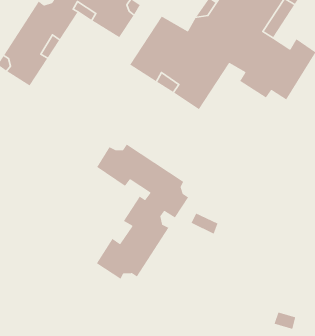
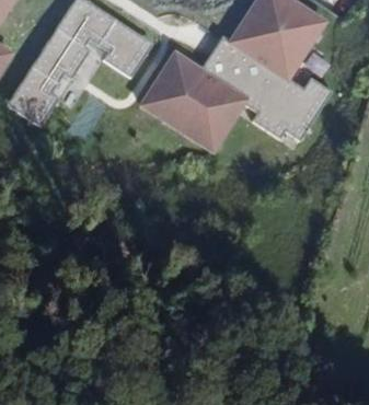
building: [96,143,189,280] -> none

